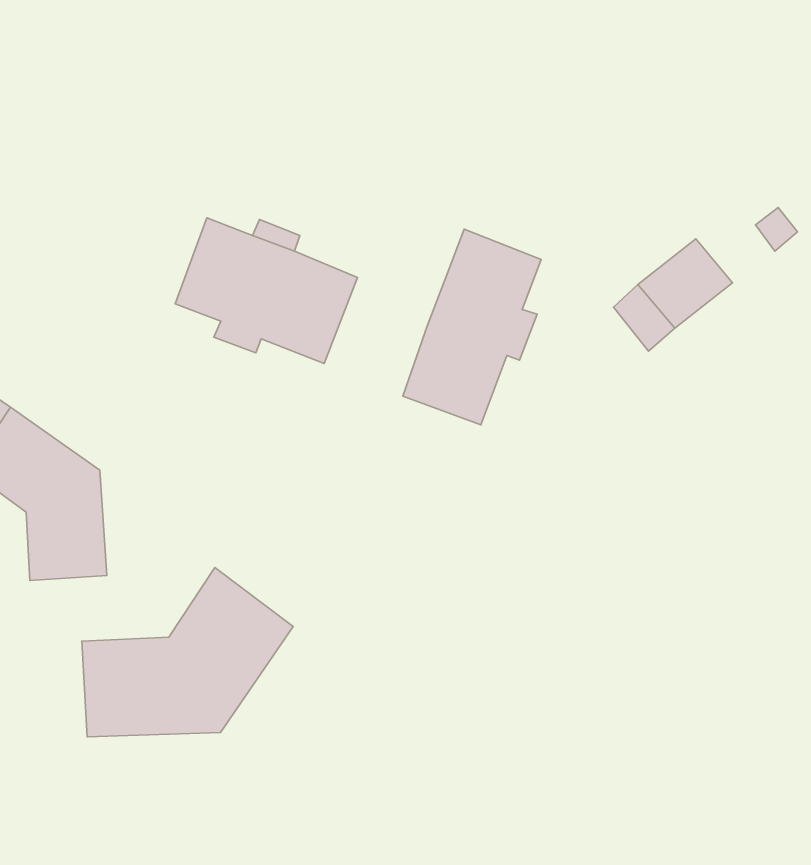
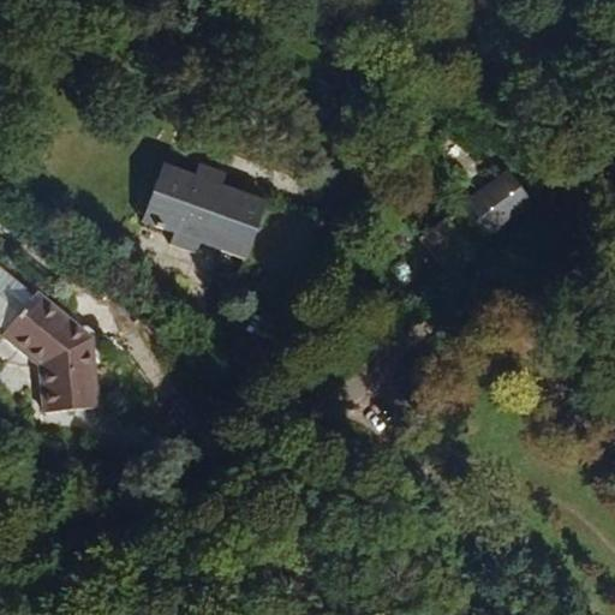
building: [403,229,541,425] -> none
building: [82,567,293,737] -> none

